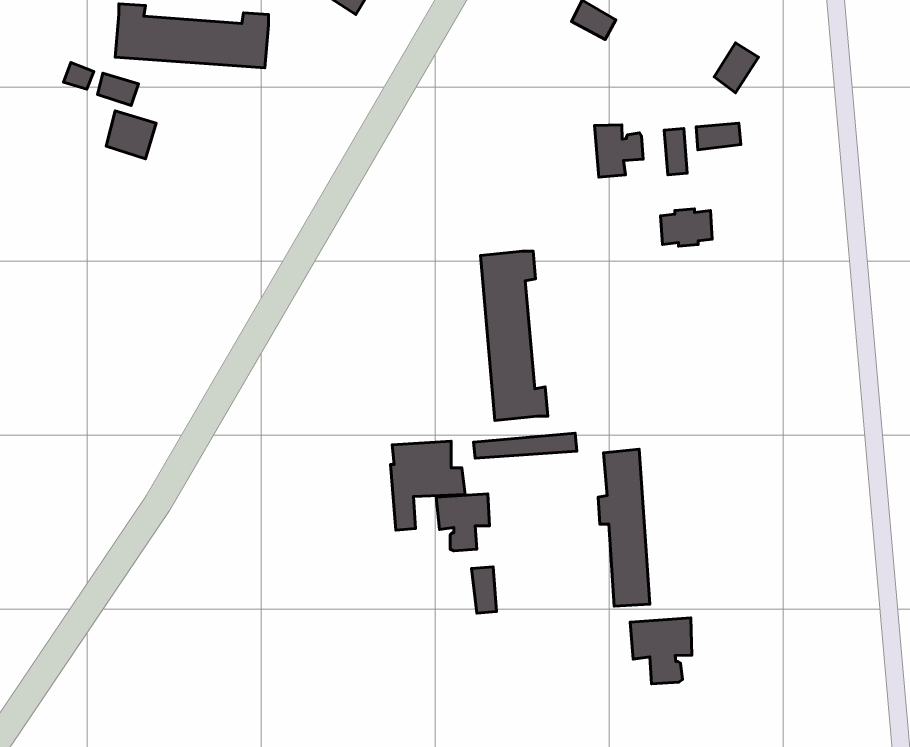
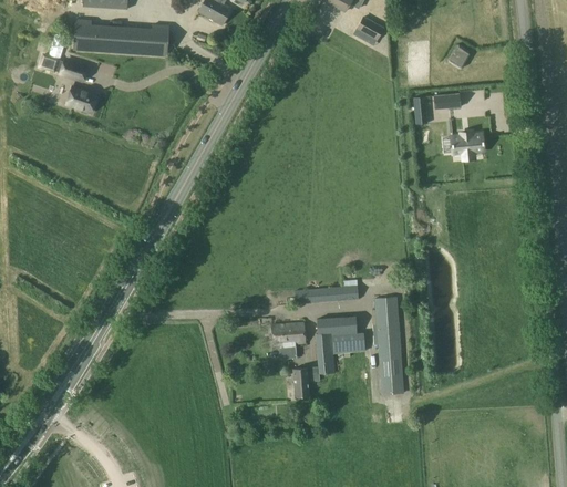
building: [595,125,643,177] -> none
building: [661,209,712,246] -> [451,131,483,154]
building: [480,251,548,421] -> none
building: [390,441,465,530] -> [318,317,364,372]
building: [630,618,692,684] -> none

